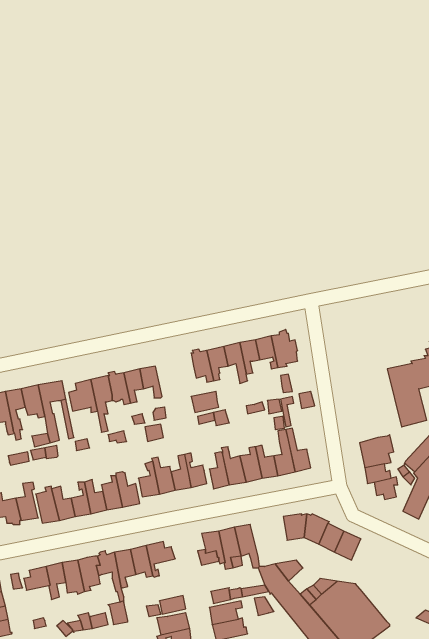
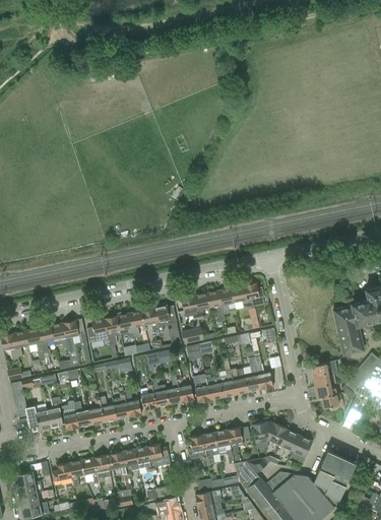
building: none -> [153,305,181,346]
building: none -> [227,427,250,463]
building: none -> [313,451,355,507]

